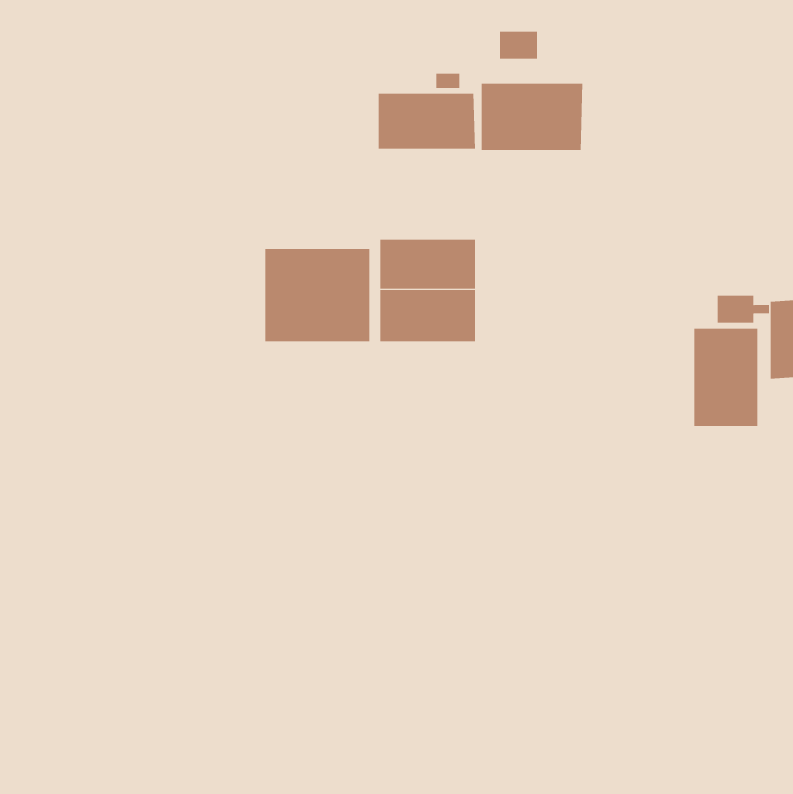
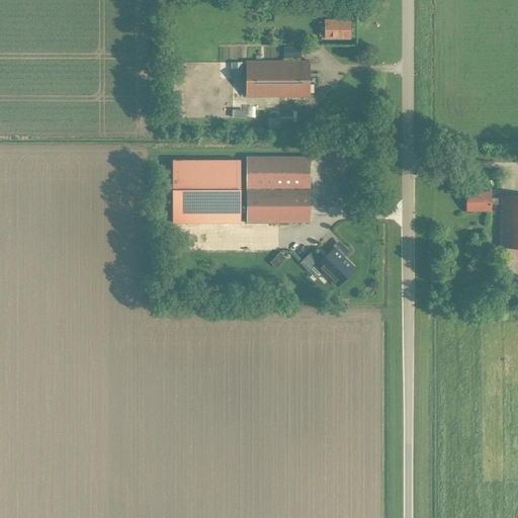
building: [481,83,583,151] -> none
building: [694,328,758,427] -> none
building: none -> [300,249,352,284]

